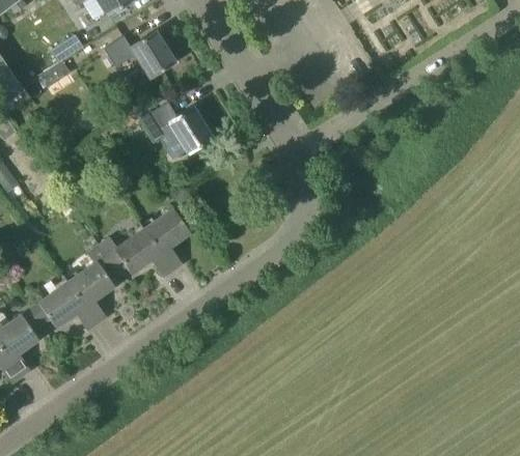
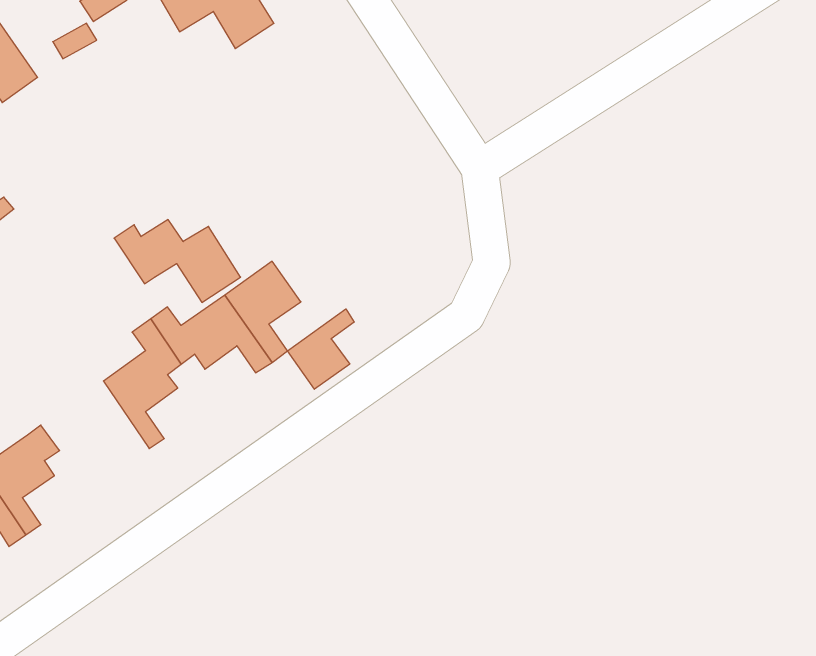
building: [134,103,212,153] -> [114,220,241,302]
building: none -> [287,309,354,389]
building: [30,282,97,331] -> none

